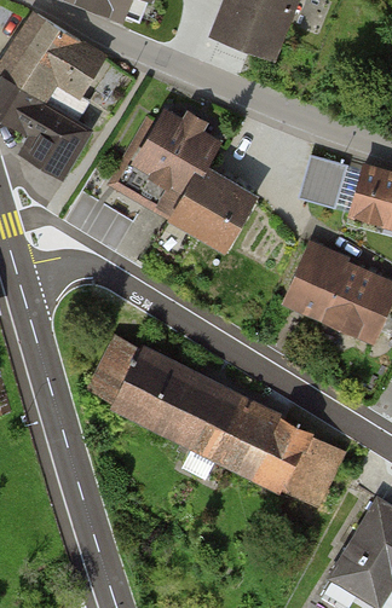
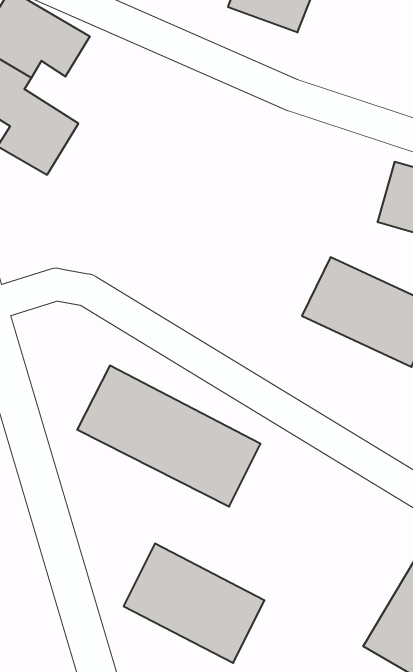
building: [128,116,258,245] -> none
building: [299,151,350,204] -> none
building: [220,405,340,506] -> [124,543,265,663]

